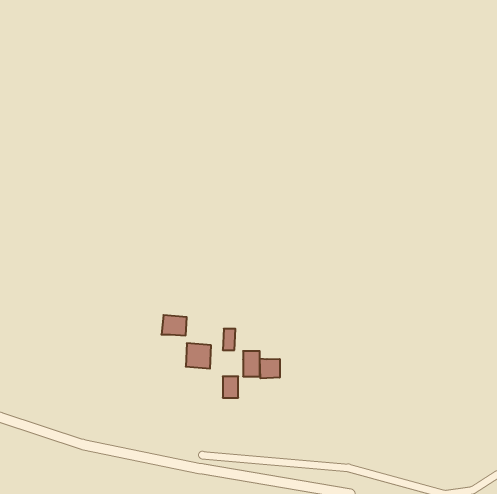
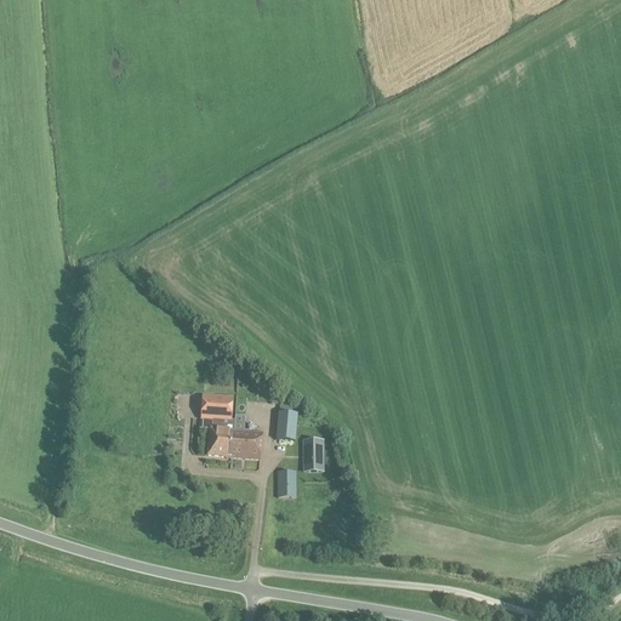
building: none -> [210,417,234,457]
building: [260,359,280,378] -> none

